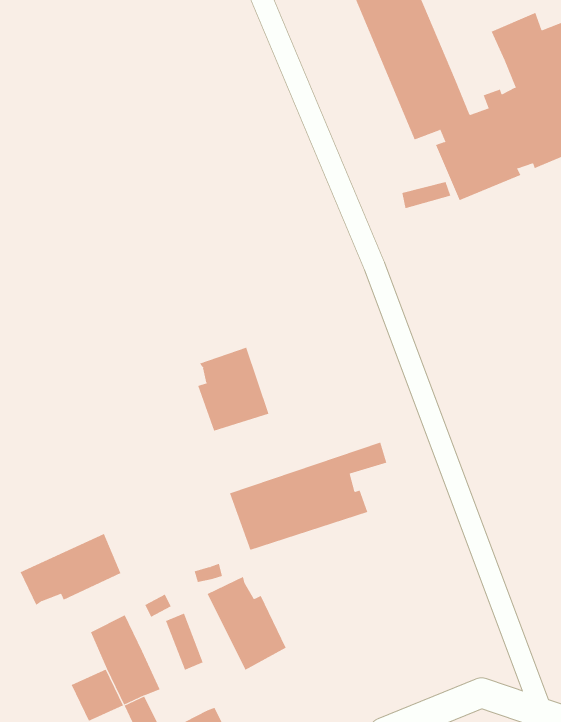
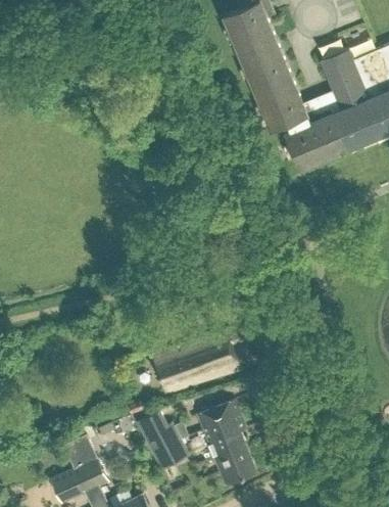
building: [198,347,269,431] -> none
building: [20,533,121,606] -> none
building: none -> [195,402,255,486]

